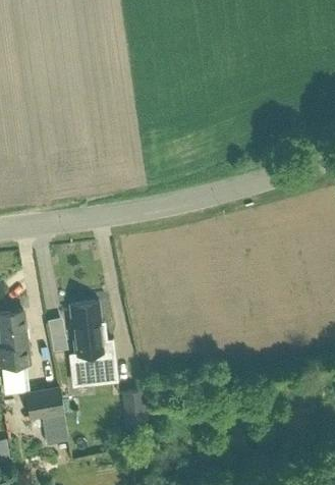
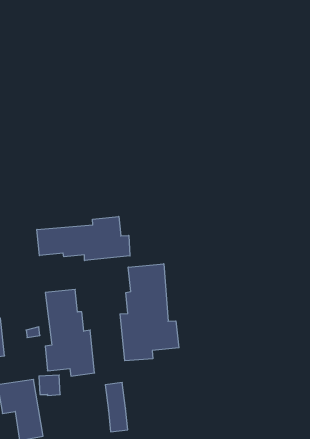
building: none -> [37,216,130,261]
building: none -> [120,264,179,361]

